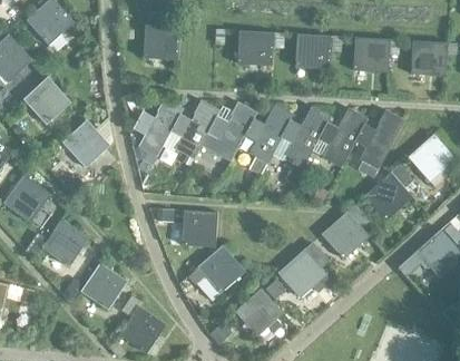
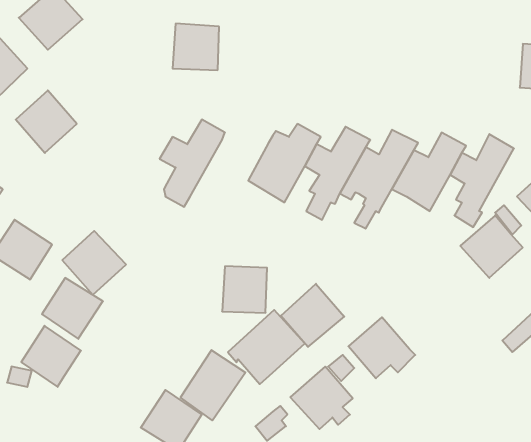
building: [236,30,273,66] -> none
building: [294,33,331,69] -> none
building: [352,37,389,72] -> none
building: [163,100,221,157] -> none
building: [61,119,110,168] -> [62,231,126,295]
building: [321,211,369,258] -> none
building: none -> [281,284,344,347]
building: [81,262,127,309] -> [21,326,81,387]
building: none -> [181,350,245,420]

